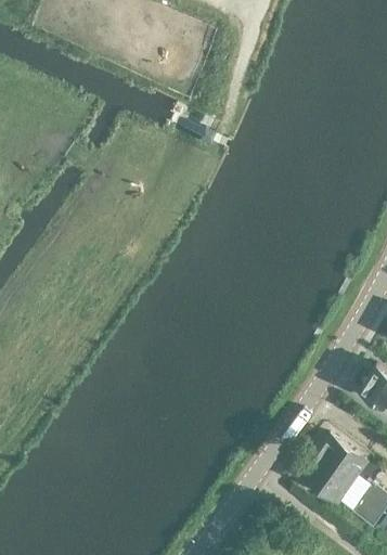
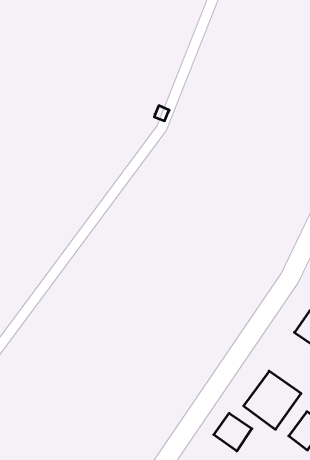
building: none -> [214,413,252,451]

